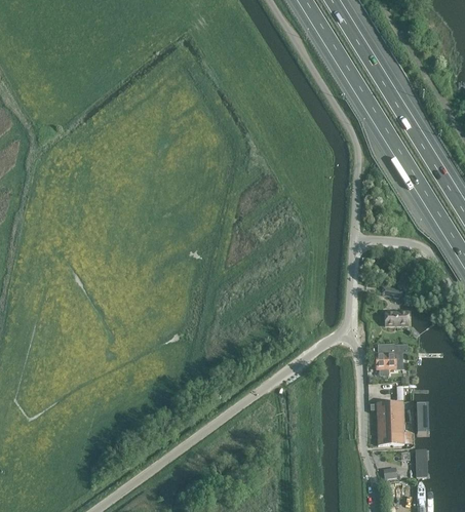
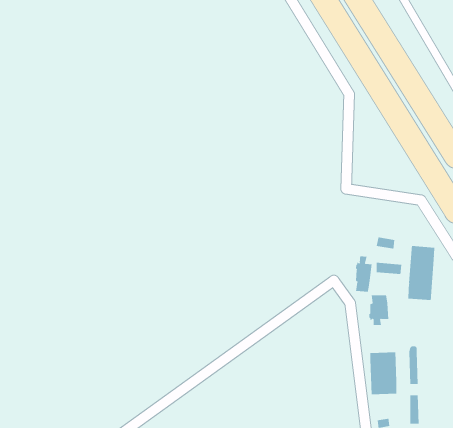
building: none -> [408,245,435,301]
building: none -> [355,255,372,293]

